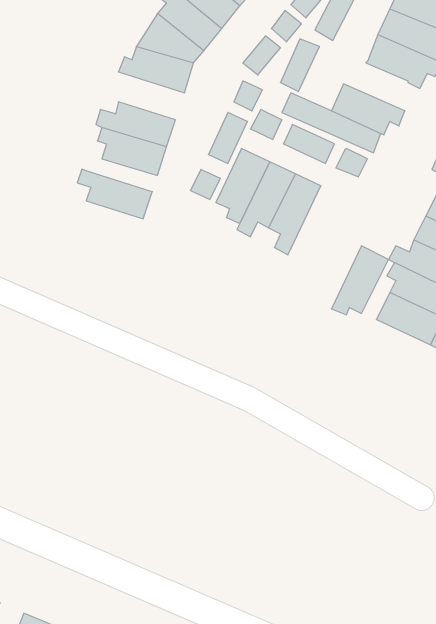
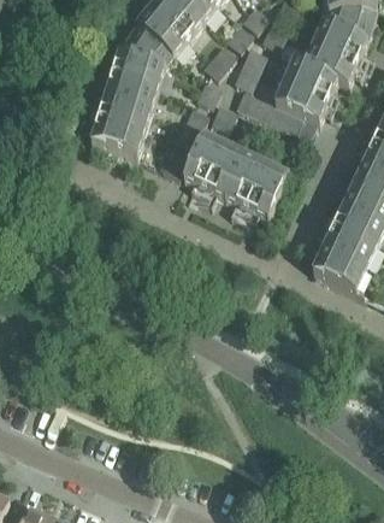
building: none -> [285,61,345,108]
building: [77,169,152,219] -> [98,74,158,113]
building: [331,246,388,315] -> [243,166,289,222]

